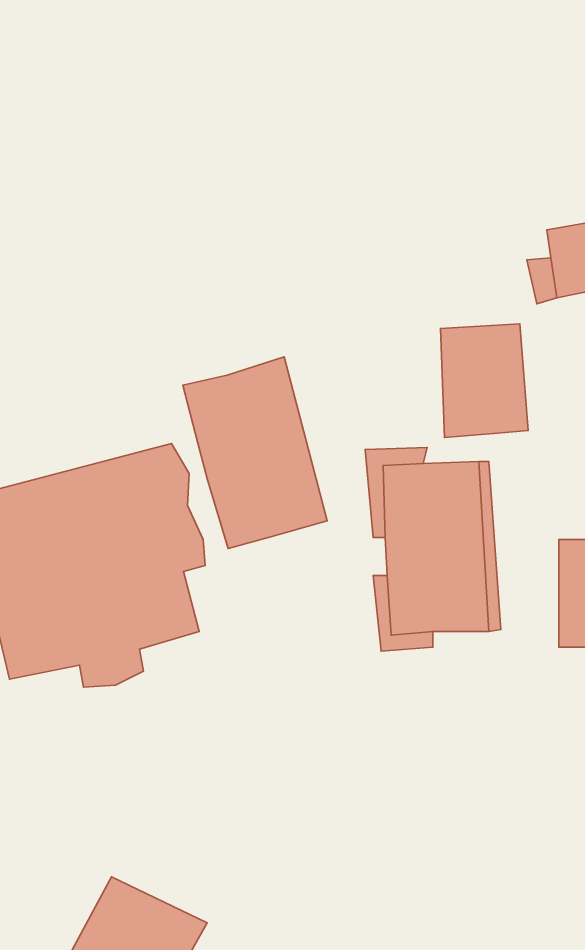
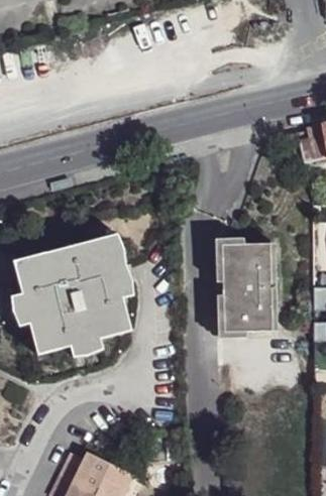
building: [441,324,528,438] -> none
building: [183,357,327,548] -> none

